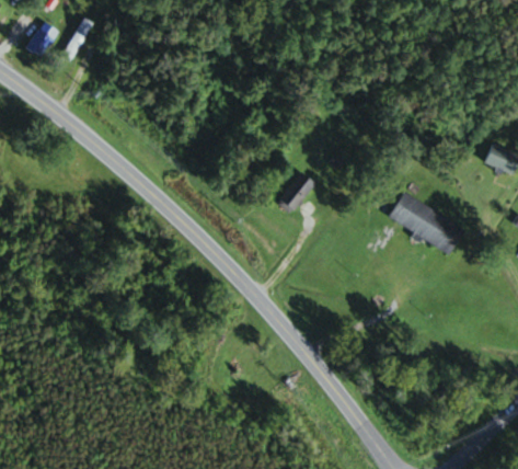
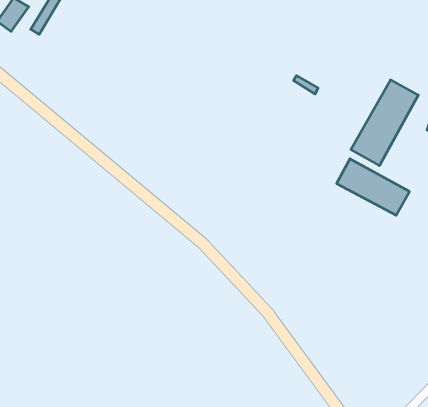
building: none -> [351,80,418,166]
building: [276,172,316,214] -> none

